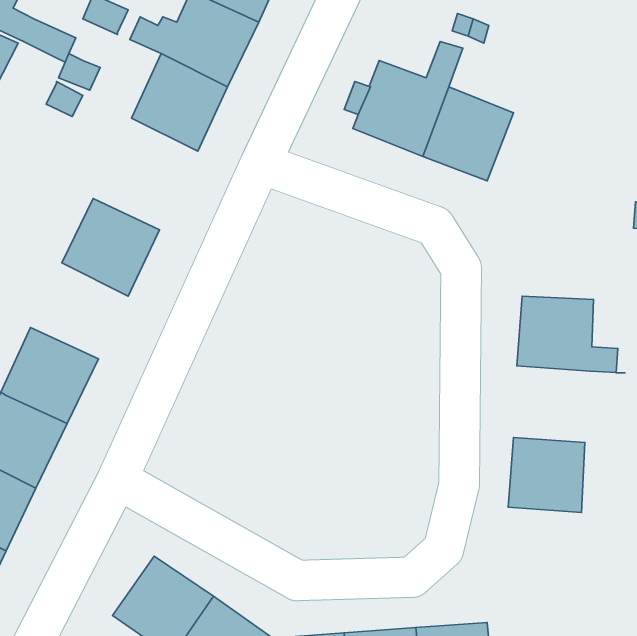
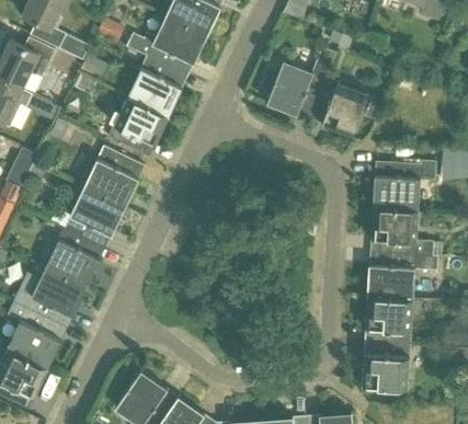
building: none -> [103,96,169,157]
building: none -> [373,161,436,210]
building: none -> [64,187,125,248]
building: none -> [367,252,437,300]
building: none -> [362,341,410,389]

